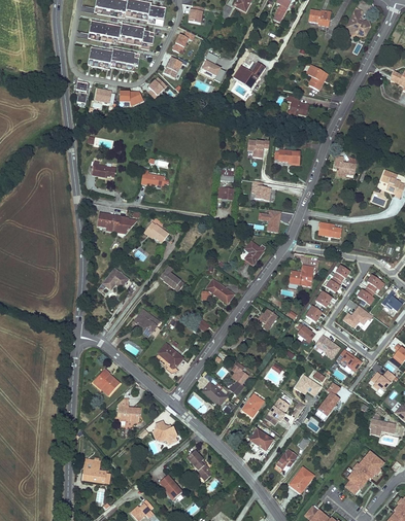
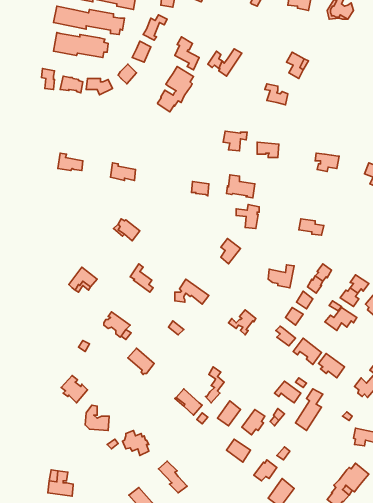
building: none -> [158,66,194,112]
building: [98,212,137,233] -> none

